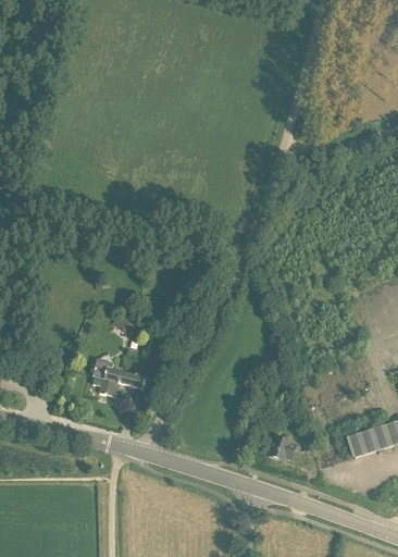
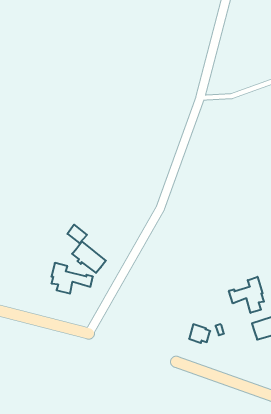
building: none -> [72,242,106,273]
building: none -> [229,277,264,313]

